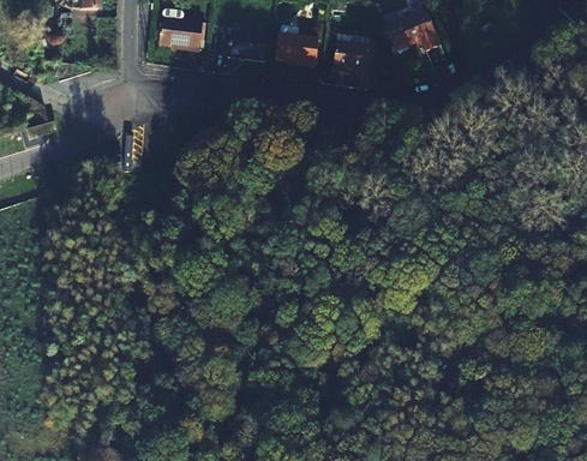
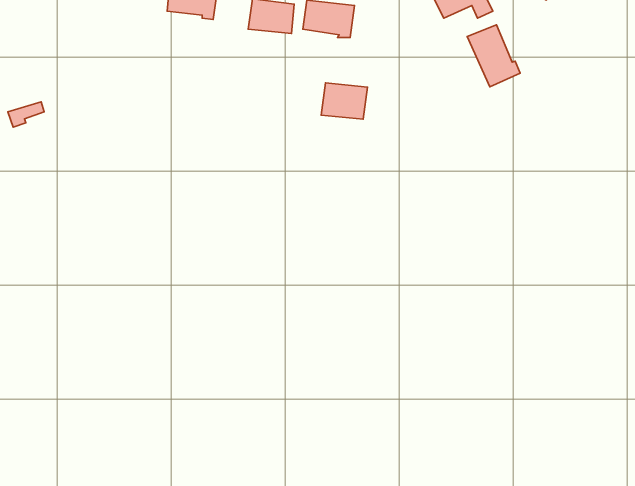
building: [334,43,373,74] -> [321,83,367,119]
building: none -> [467,25,520,87]

